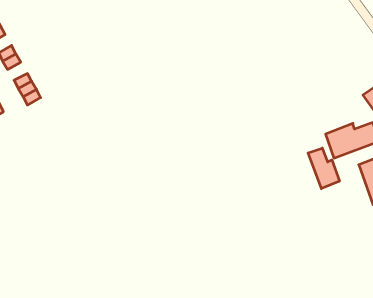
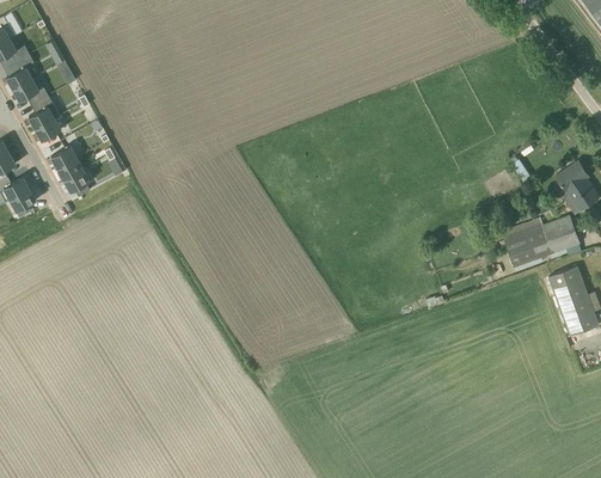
building: [308,148,339,189] -> none

